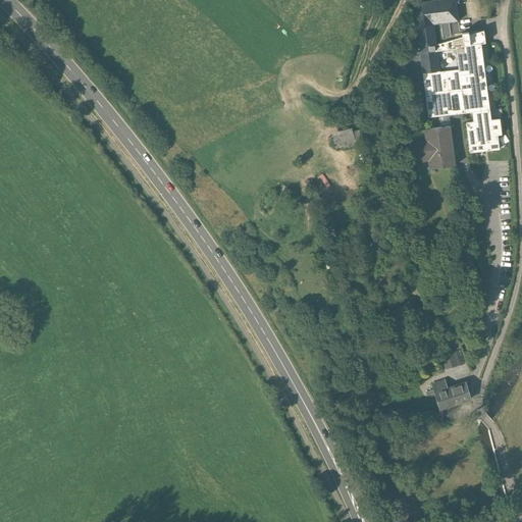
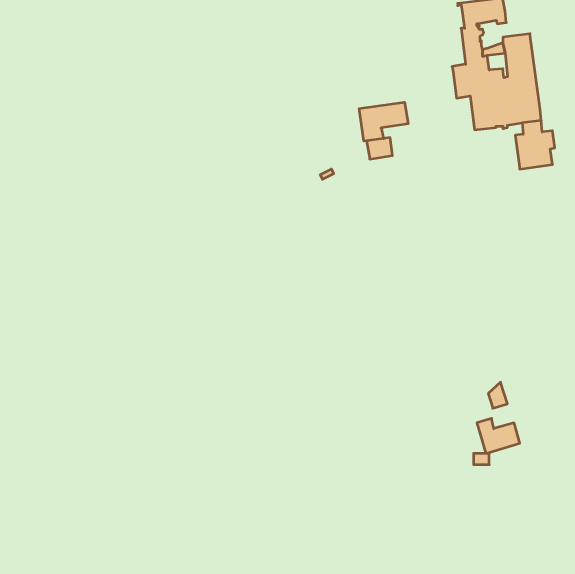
building: none -> [359,102,408,141]
building: [411,127,456,168] -> none

